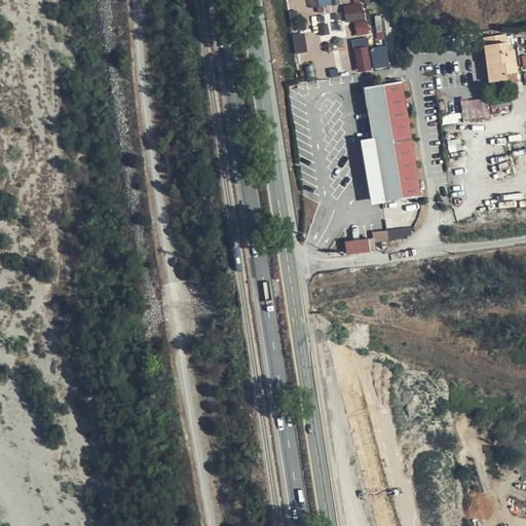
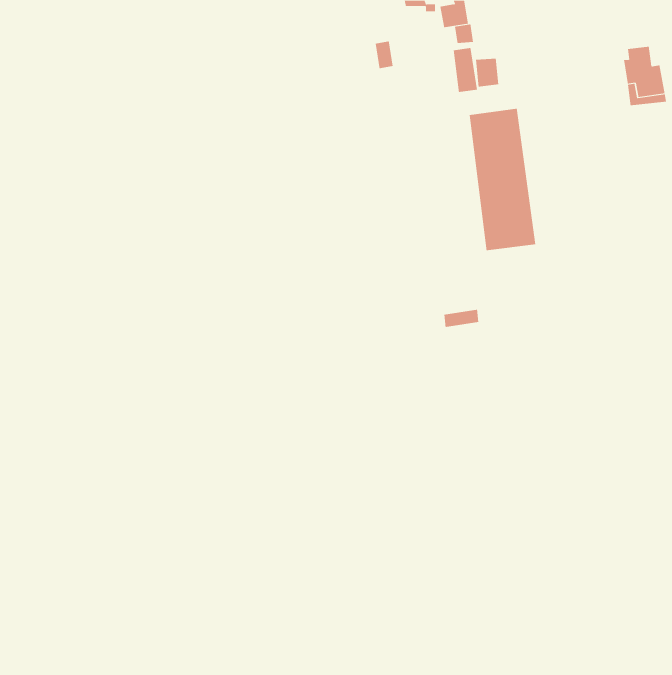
building: [460,97,489,118] -> none

